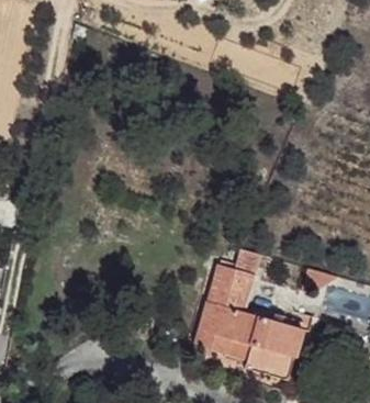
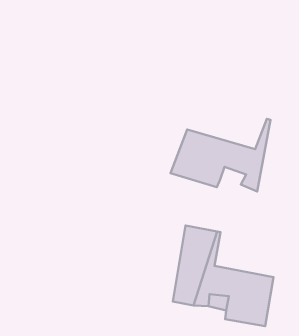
building: none -> [170,119,271,192]

